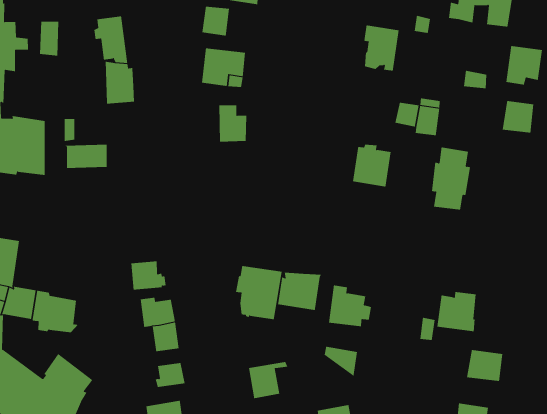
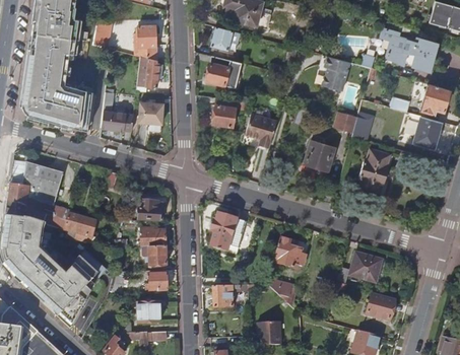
building: none -> [245,115,277,149]
building: none -> [139,101,163,124]
building: [277,272,322,311] -> none

